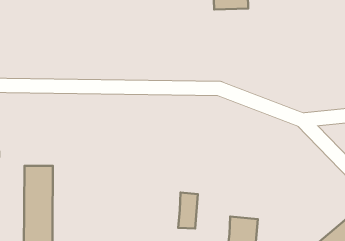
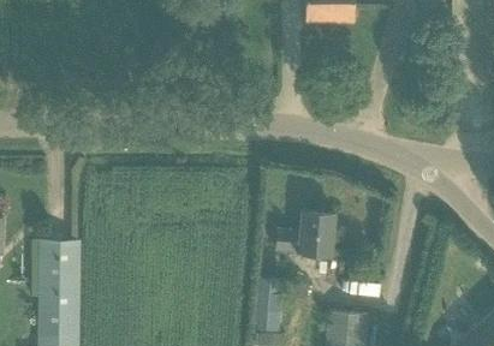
building: none -> [276,211,335,256]

